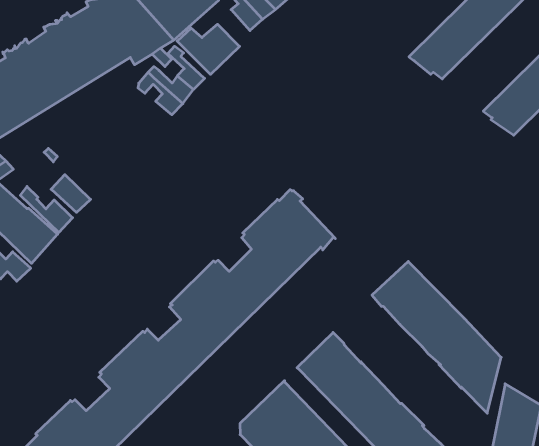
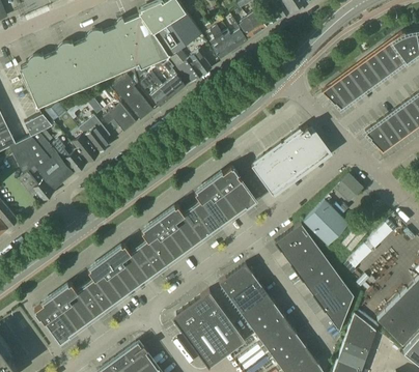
building: none -> [113,71,152,121]
building: none -> [251,127,330,195]
building: none -> [103,105,136,134]
building: none -> [80,117,110,154]
building: none -> [335,175,363,203]
building: none -> [304,201,348,246]

